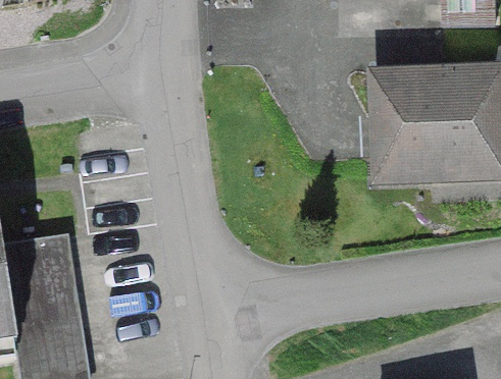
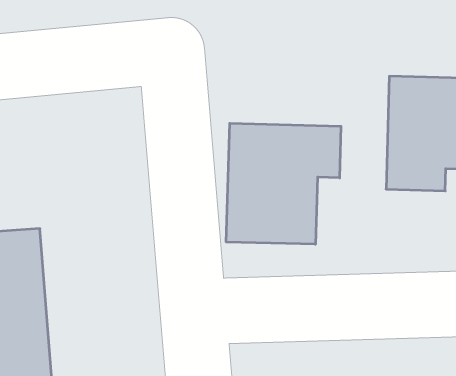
building: none -> [226,123,341,244]

